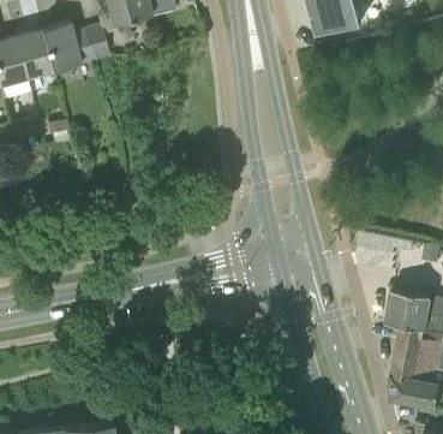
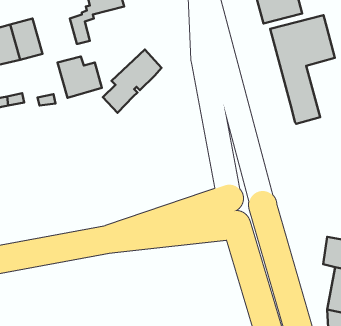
building: [43,23,96,72] -> [58,56,102,98]
building: none -> [270,15,335,124]
building: none -> [103,49,162,113]

